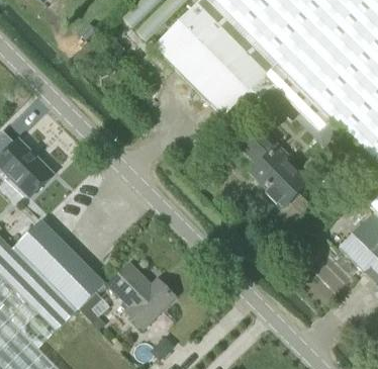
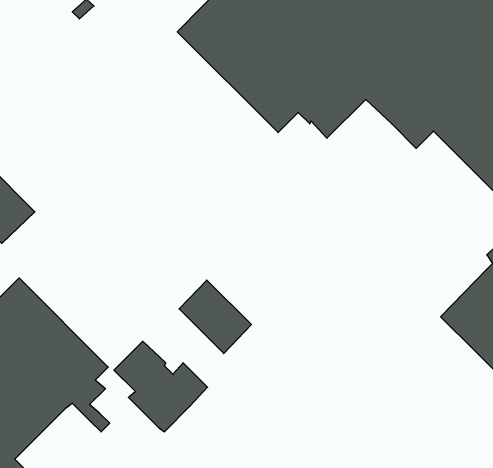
building: [241,127,307,206] -> none
building: none -> [179,280,251,354]

